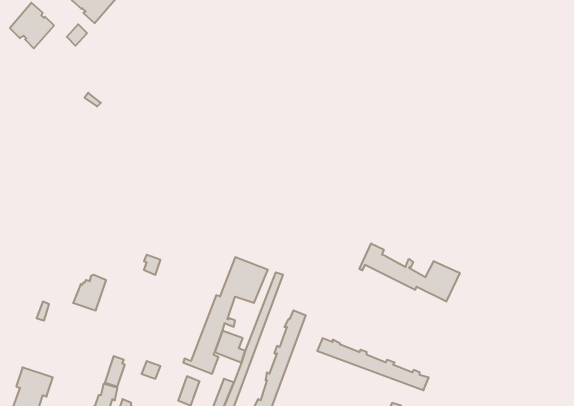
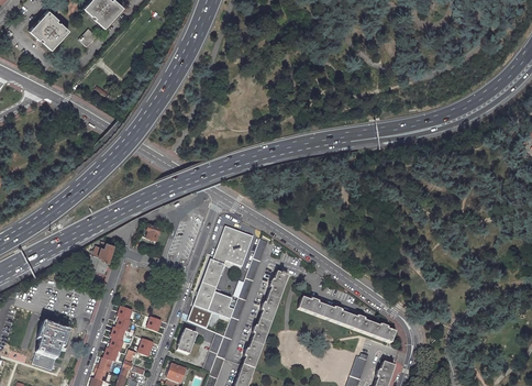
building: [359,243,460,302] -> none

